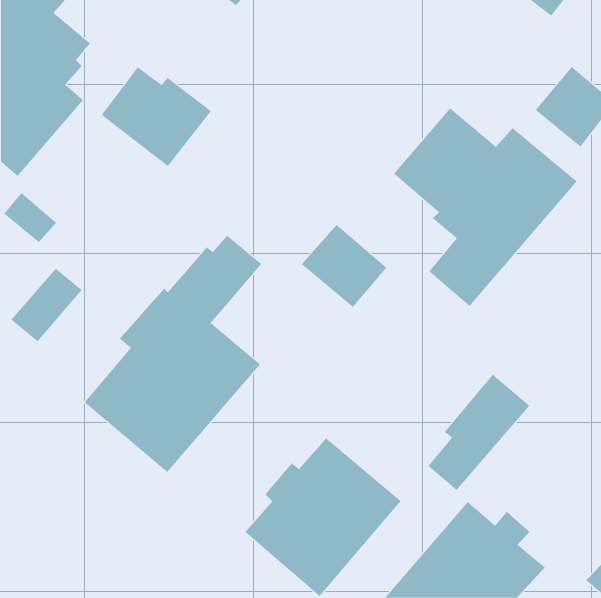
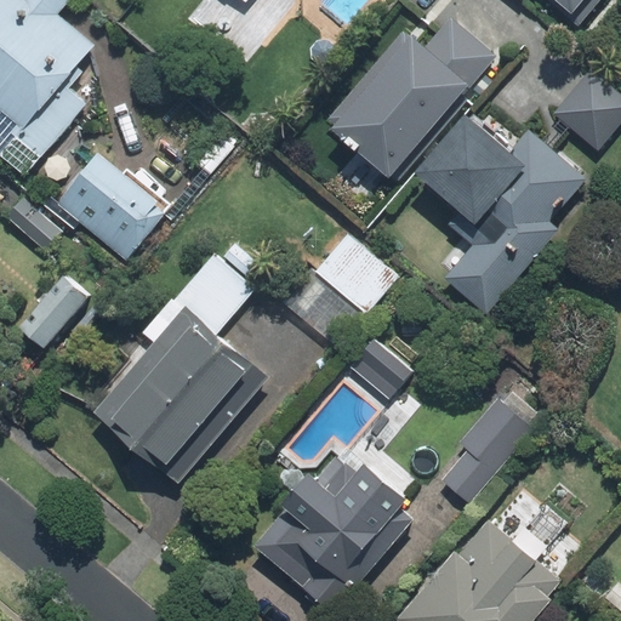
building: none -> [319,17,494,182]
building: [101,66,212,167] -> [57,156,171,260]
building: none -> [346,337,414,403]

